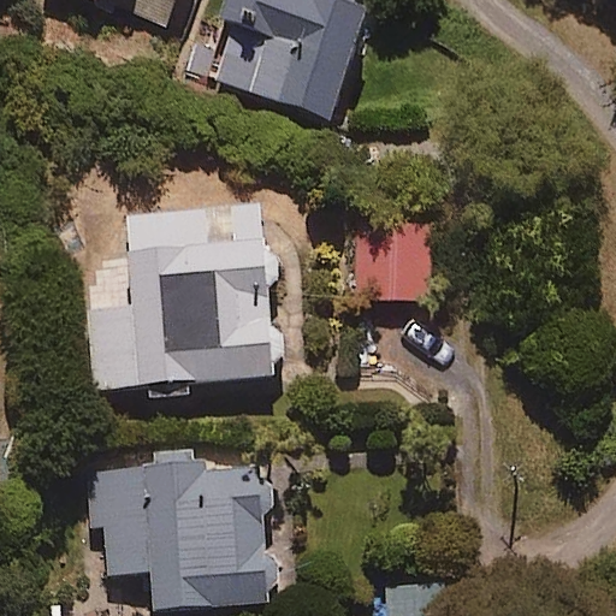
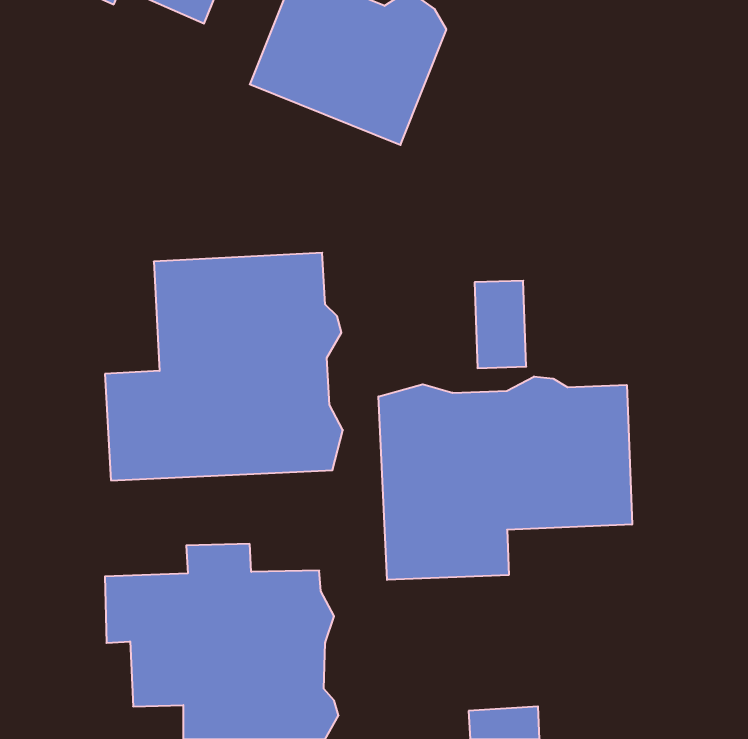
building: none -> [378,376,632,580]

